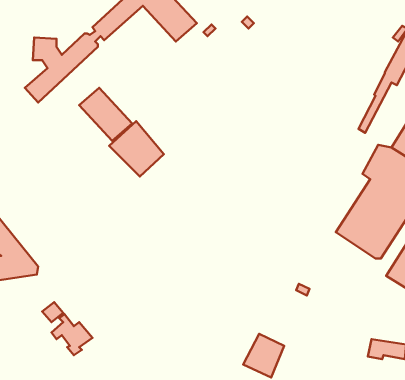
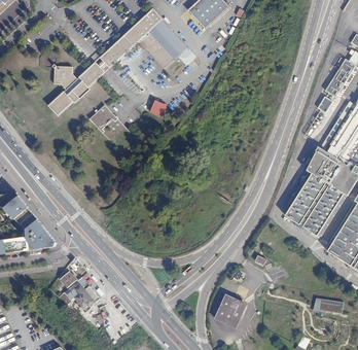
building: [109,121,164,176] -> none

